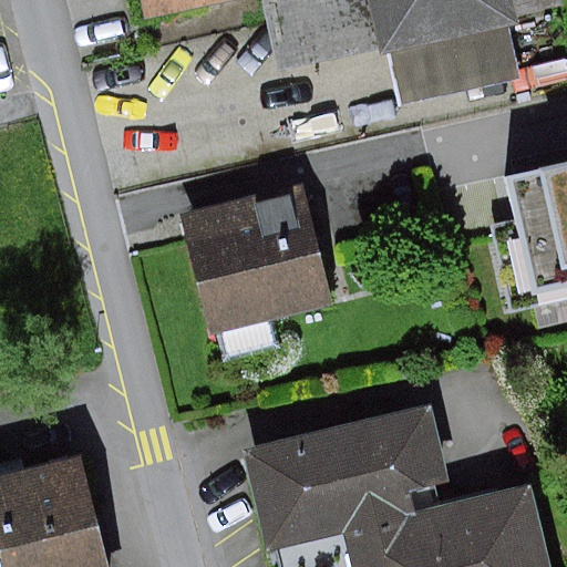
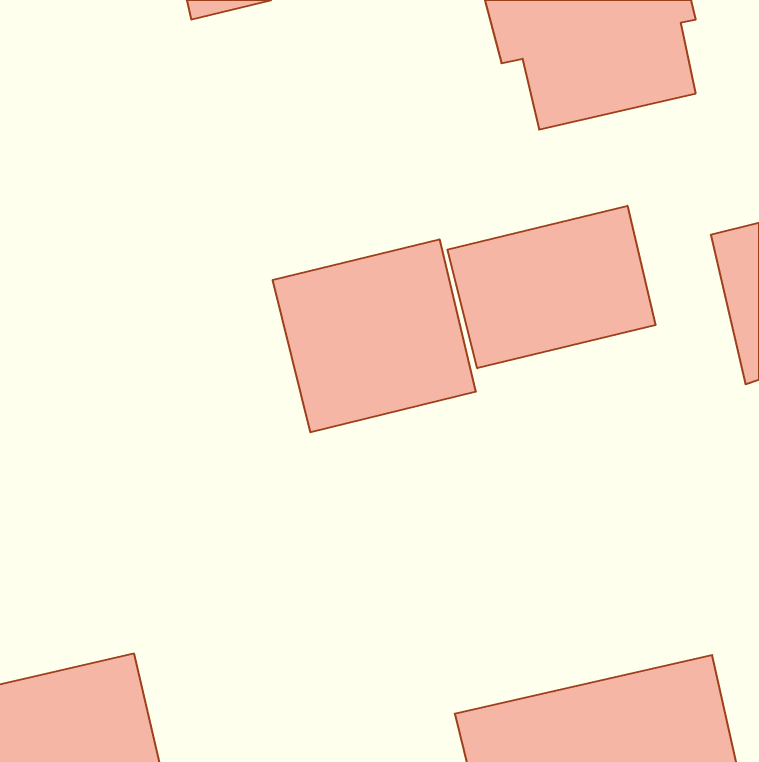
building: none -> [447,206,656,368]
building: [244,408,442,546] -> none

